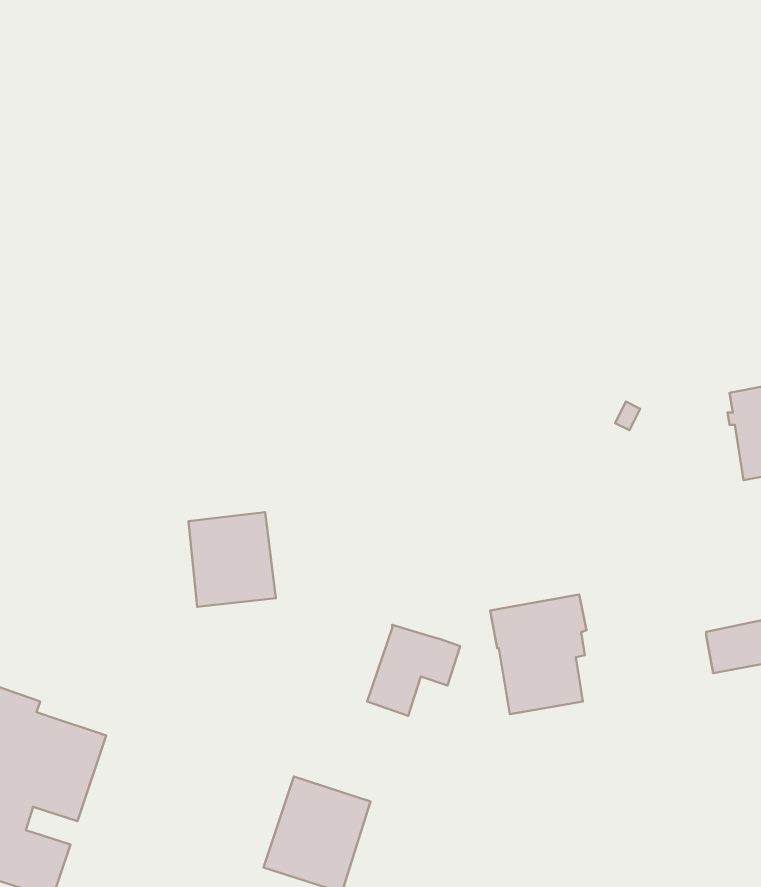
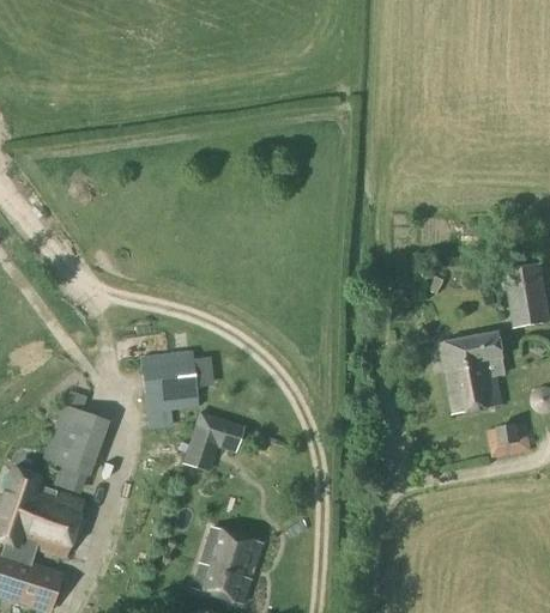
building: none -> [42,405,108,477]
building: [490,595,586,714] -> [441,333,506,413]
building: [367,625,460,716] -> [182,412,244,473]

